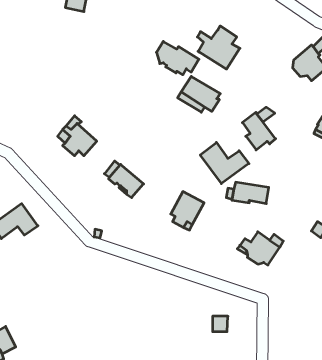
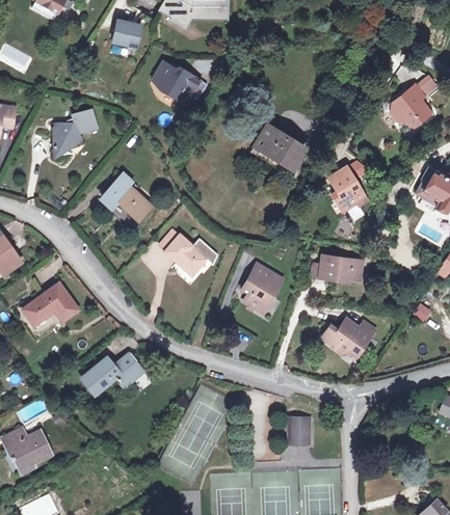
building: [197,26,240,69] -> none
building: [156,41,199,75] -> [155,62,207,103]
building: none -> [51,109,97,154]
building: [200,142,249,184] -> none
building: none -> [81,349,143,392]

